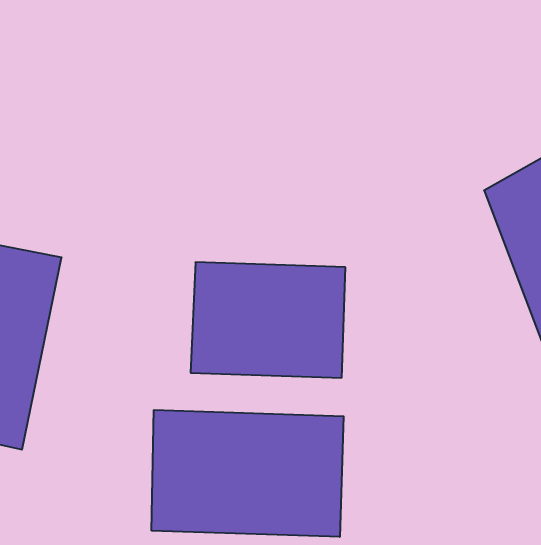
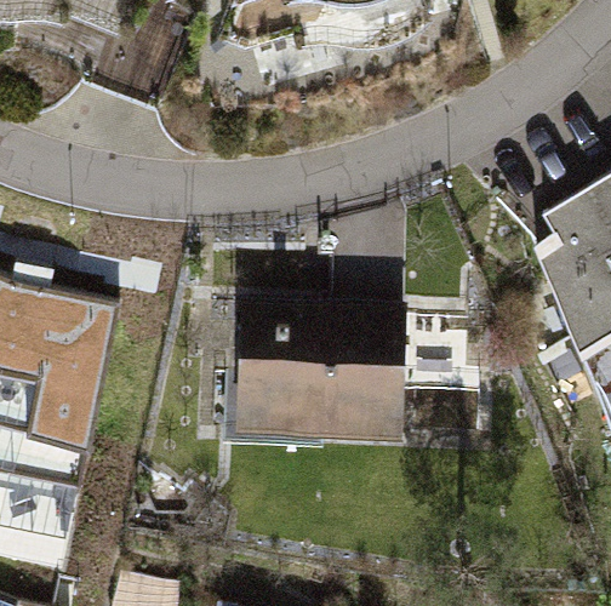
building: [152,410,344,537] -> none

